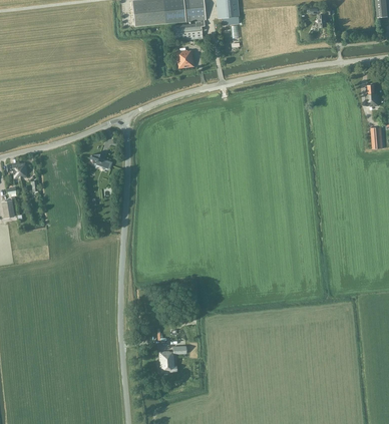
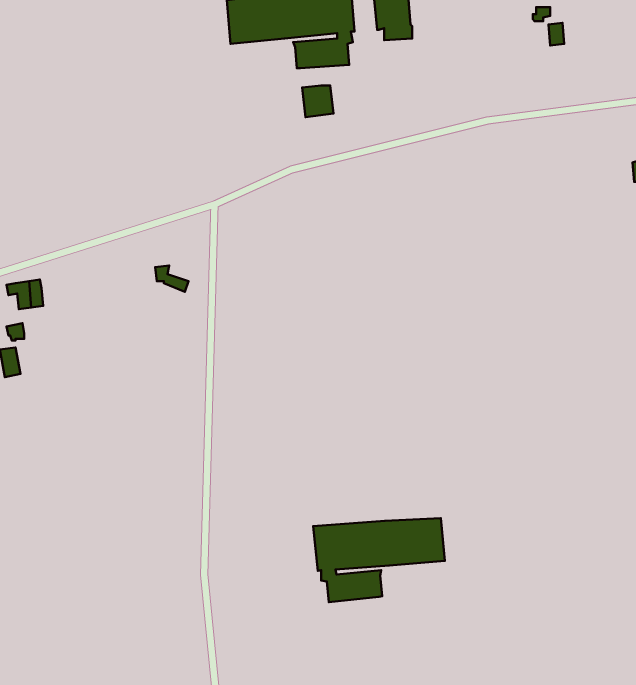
building: none -> [313,518,445,602]
building: [158,345,186,372] -> none

